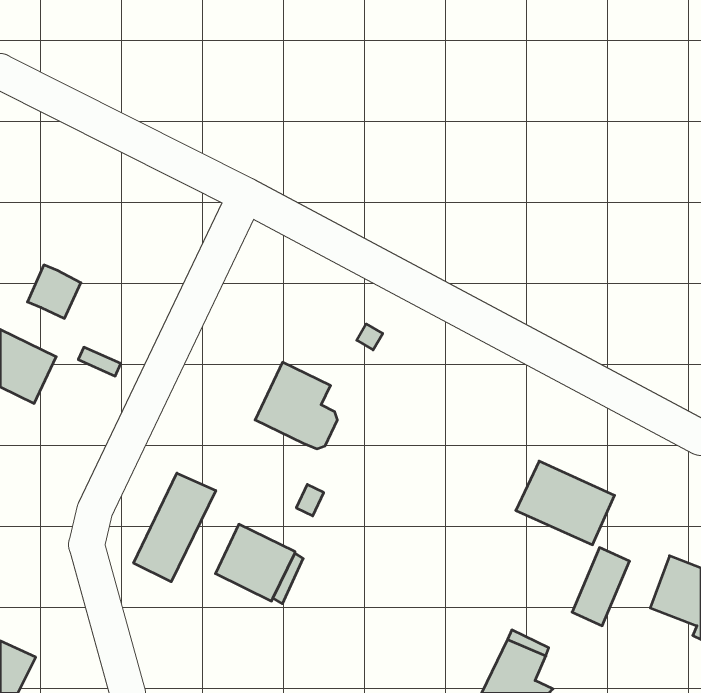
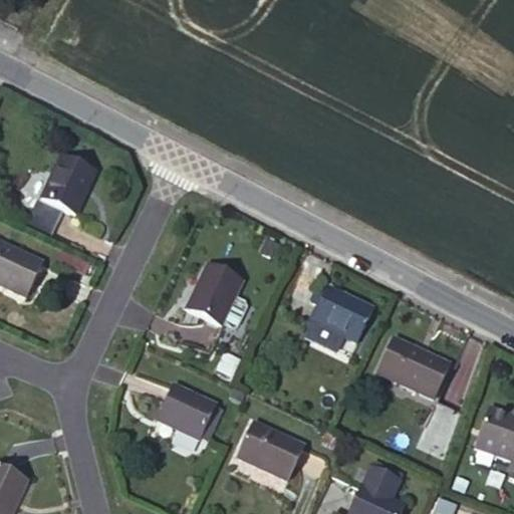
building: none -> [42,156,94,214]
building: none -> [310,288,371,342]
building: [134,473,216,582] -> none
building: none -> [238,423,302,479]

